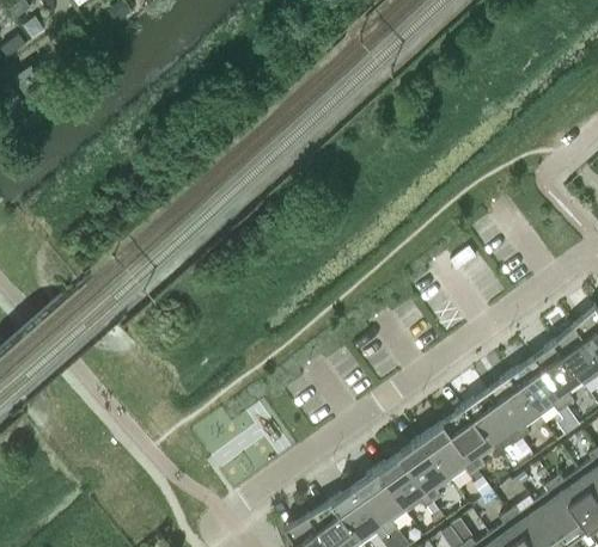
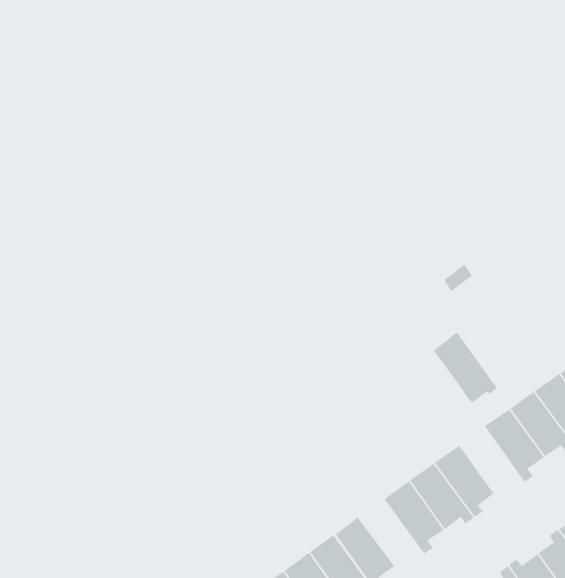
building: [465,389,523,453] -> [433,331,498,403]
building: [377,454,434,512] -> none

